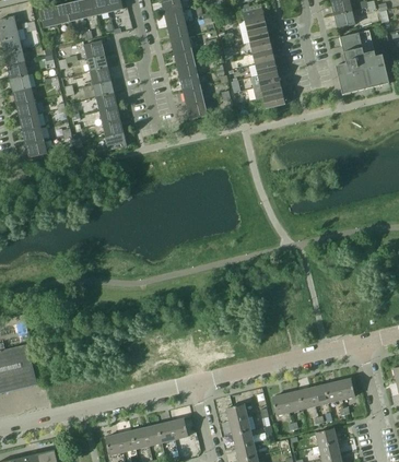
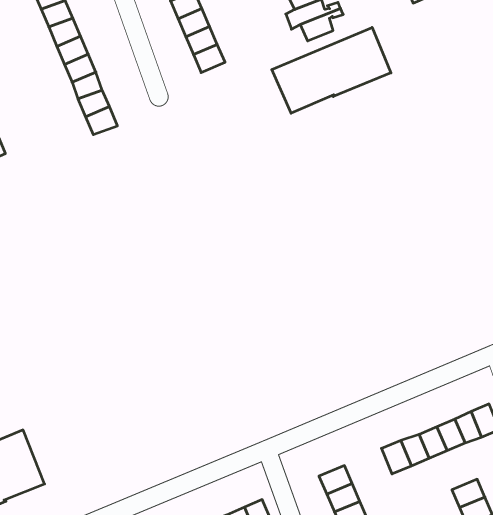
building: none -> [272,27,391,113]

